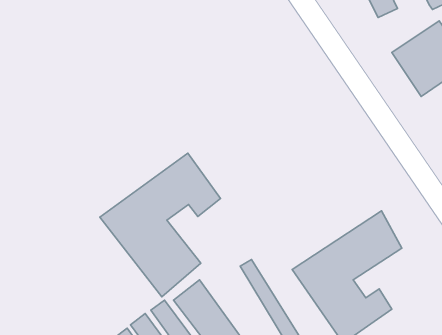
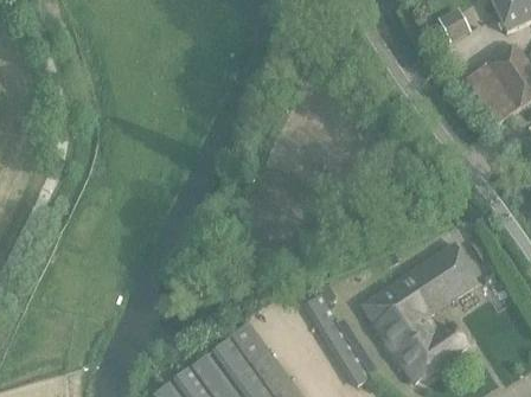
building: [100,153,221,297] -> none

